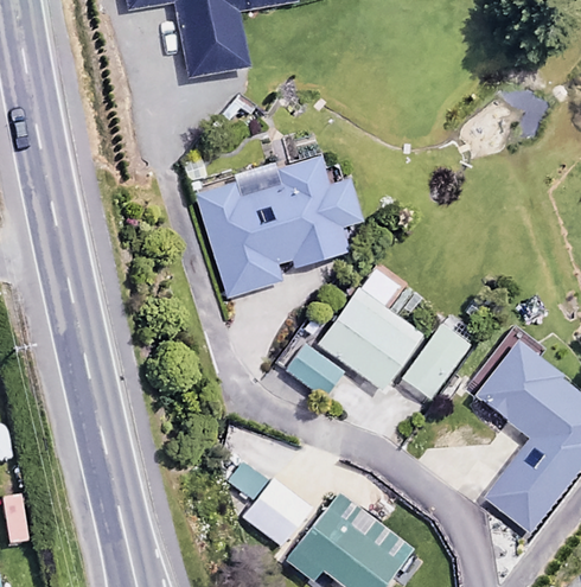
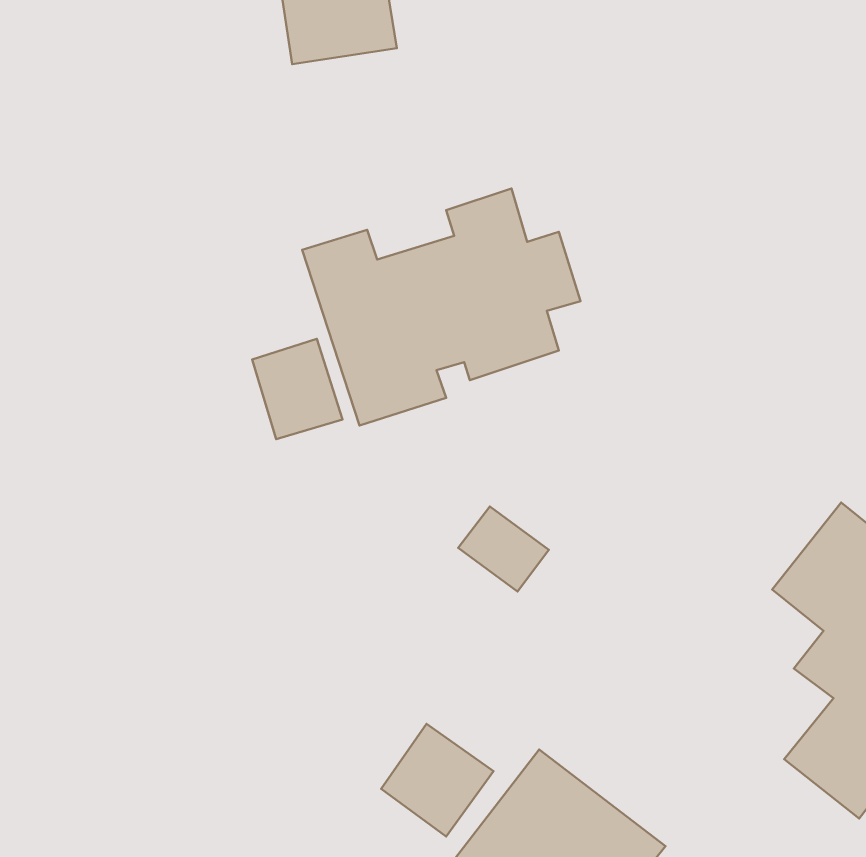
building: none -> [252,339,342,439]
building: [319,288,423,389] -> none
building: [401,325,470,400] -> none

